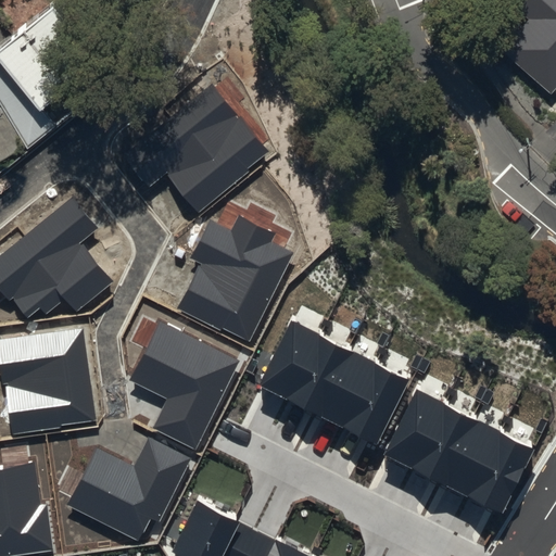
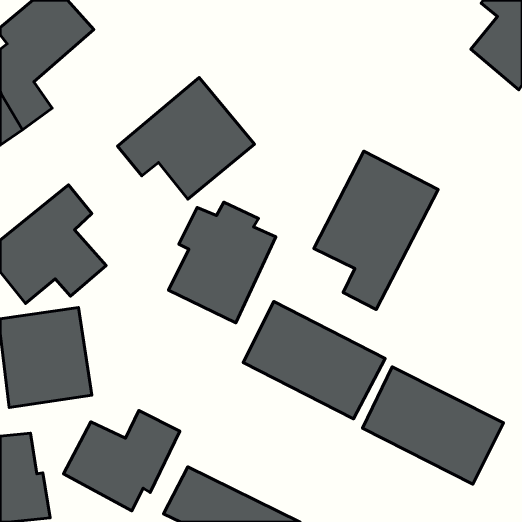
building: none -> [314,151,438,309]
building: [128,321,240,450] -> none

